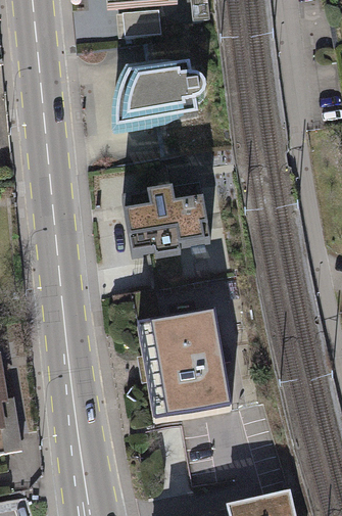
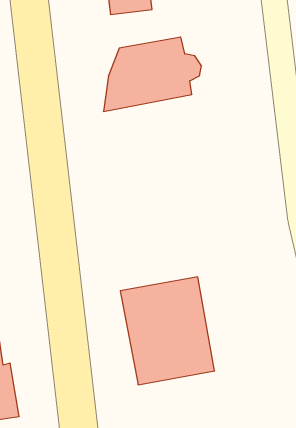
building: [124,189,211,259] -> none

